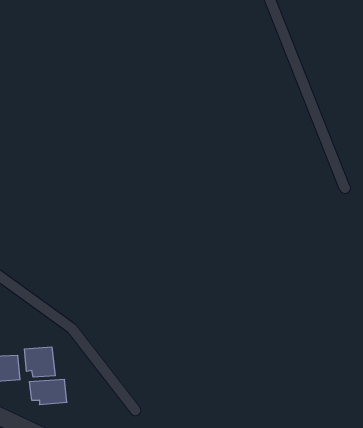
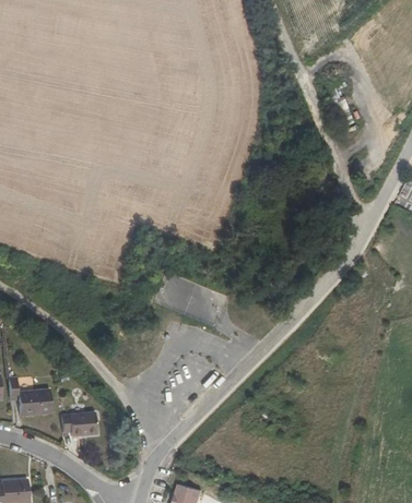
building: [25,347,55,377] -> none

